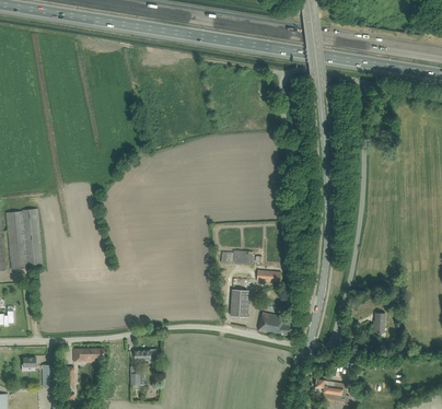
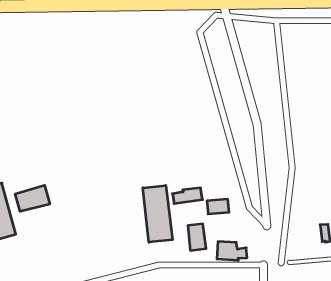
building: none -> [15,185,50,211]
building: none -> [143,185,172,242]

